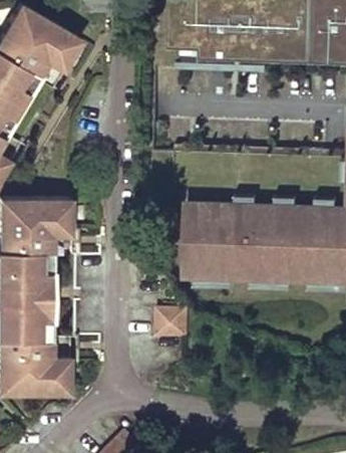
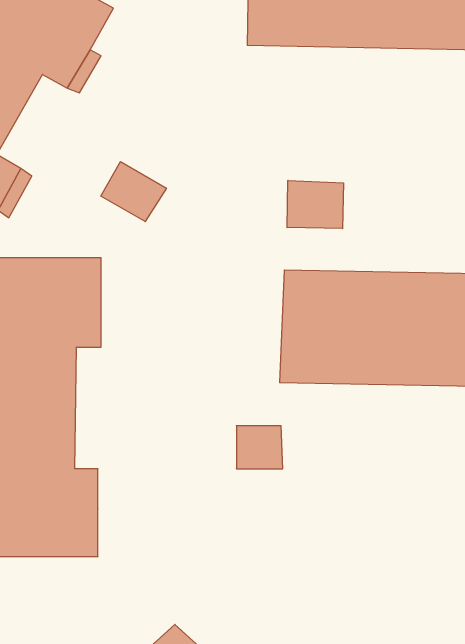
building: none -> [101,162,166,222]
building: none -> [287,180,343,229]

